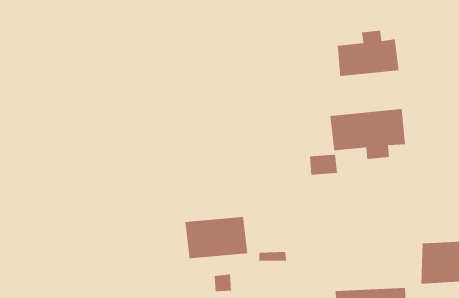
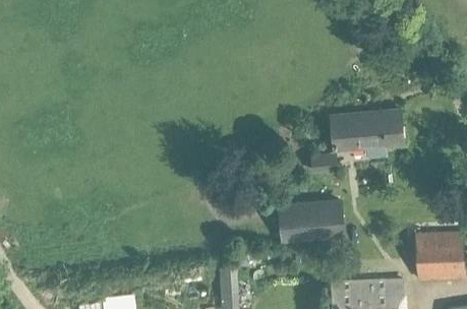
building: [337,30,399,77] -> none
building: [185,216,248,259] -> [280,201,341,242]

